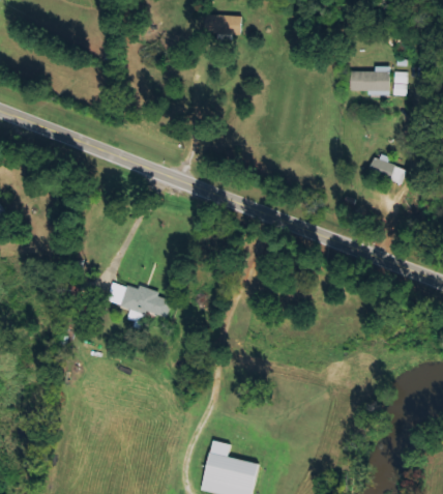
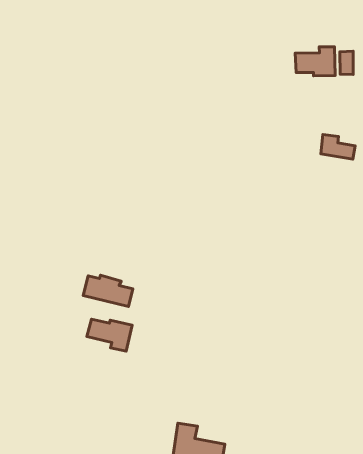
building: [209,16,242,37] -> none
building: none -> [87,319,132,351]

